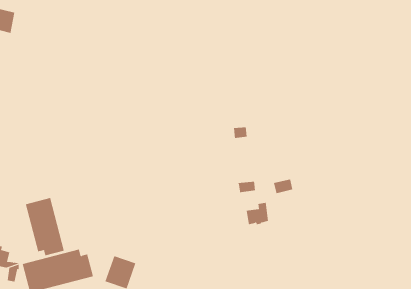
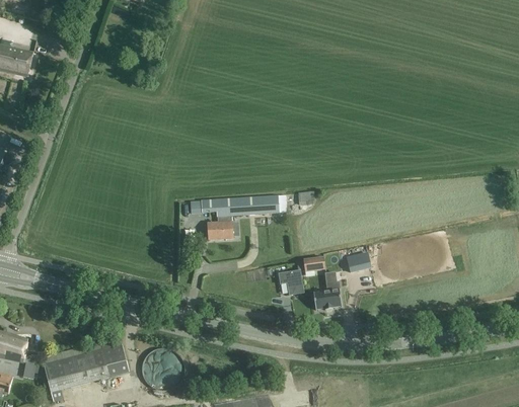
building: none -> [202,195,280,239]
building: none -> [279,269,304,295]
building: [25,197,65,256] -> none

